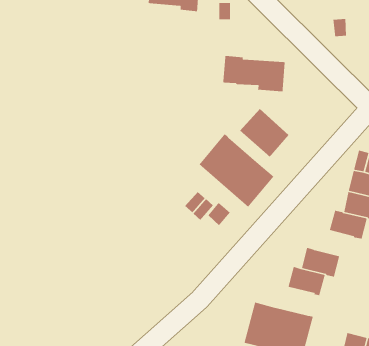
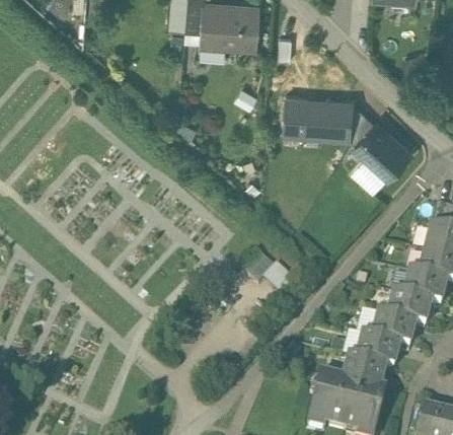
building: [239,108,290,158] -> [354,121,410,176]
building: [198,133,274,208] -> none
building: none -> [386,292,430,325]
building: none -> [342,356,385,389]

